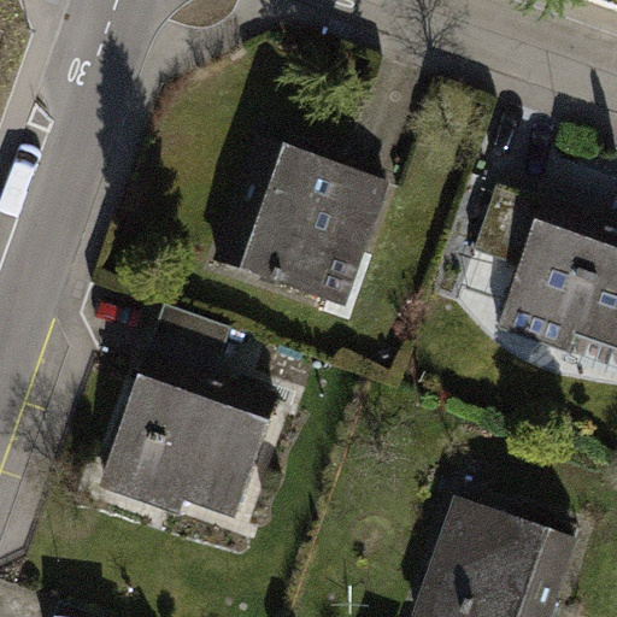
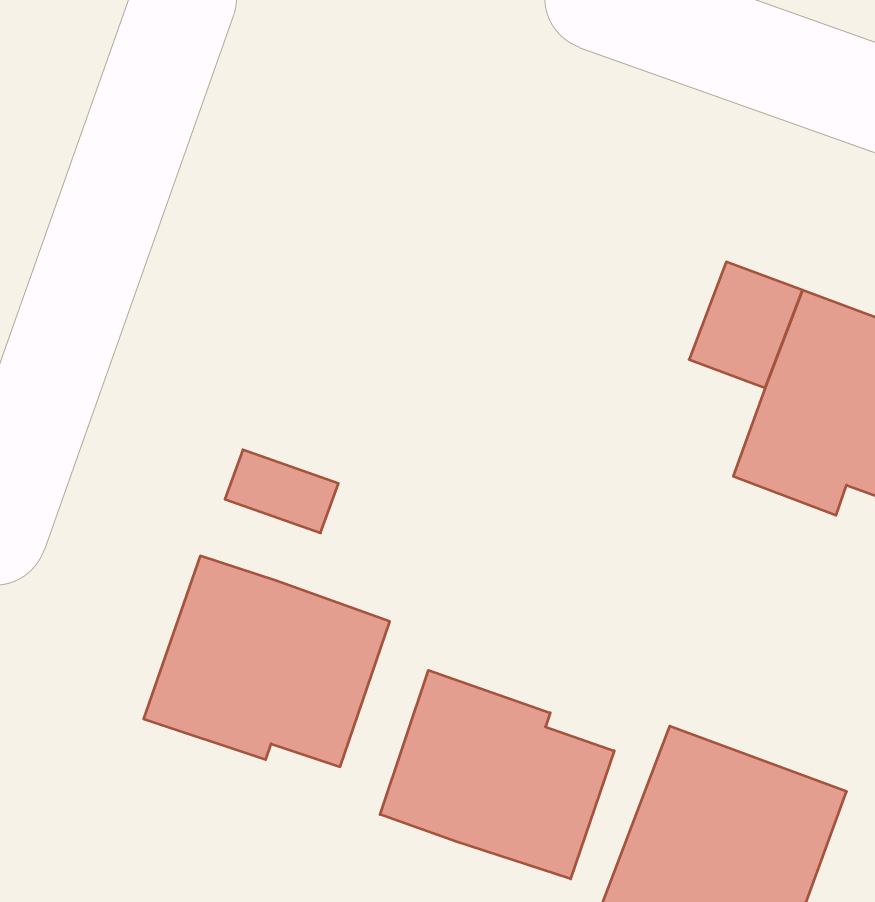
building: [215,135,392,308] -> none
building: none -> [380,670,614,879]

